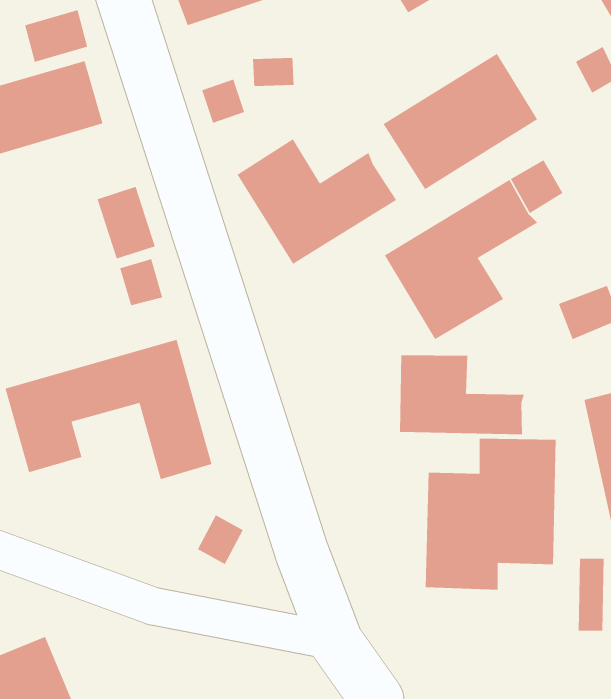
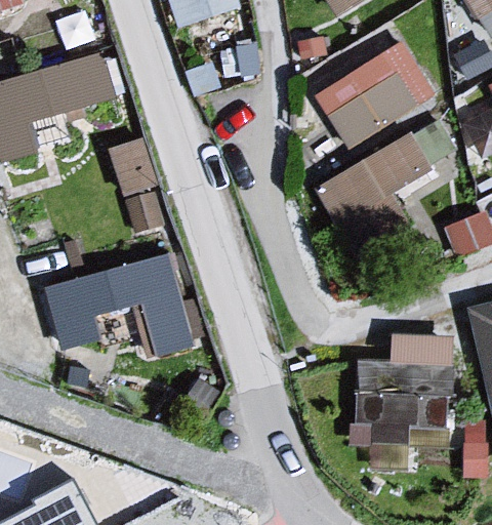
building: [236,138,397,265] -> none
building: [399,354,525,435] -> none

